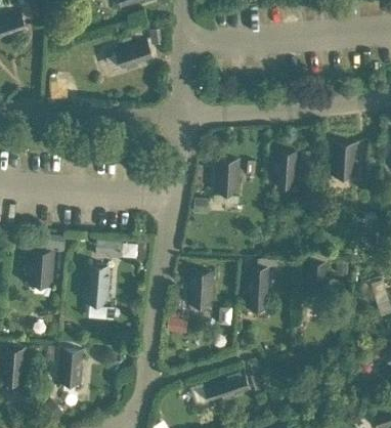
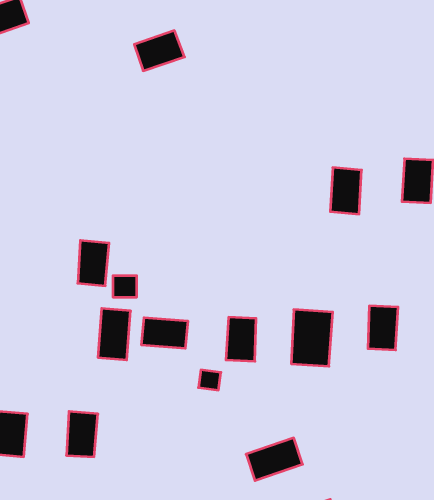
building: [216,161,242,197] -> none
building: [30,252,55,289] -> [78,240,109,286]
building: none -> [142,318,188,348]

